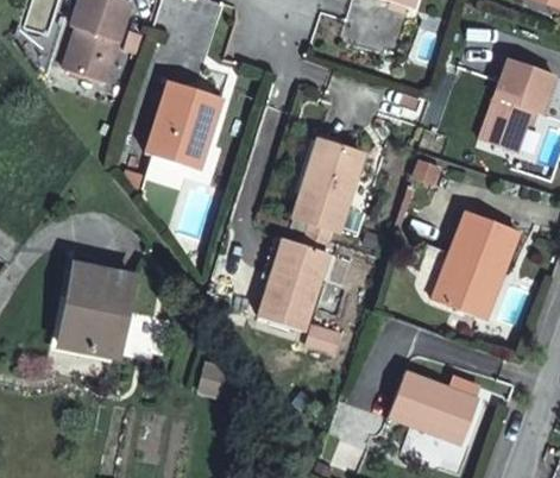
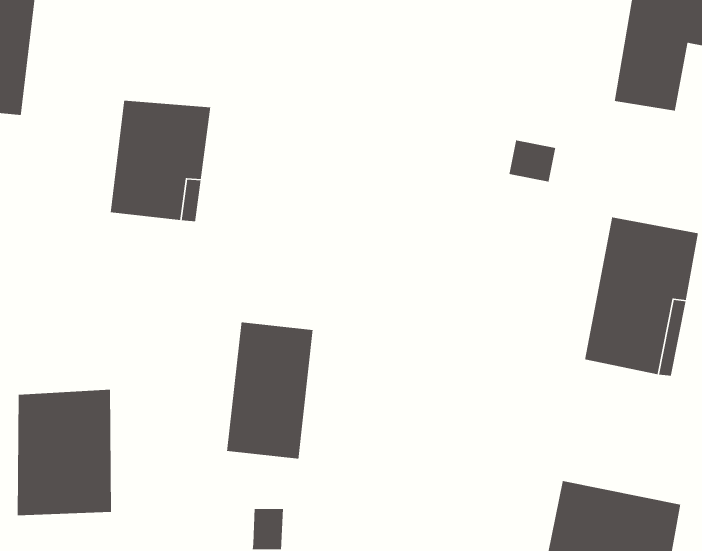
building: [298,138,366,228] -> none
building: [265,238,334,332] -> [226,322,314,459]

